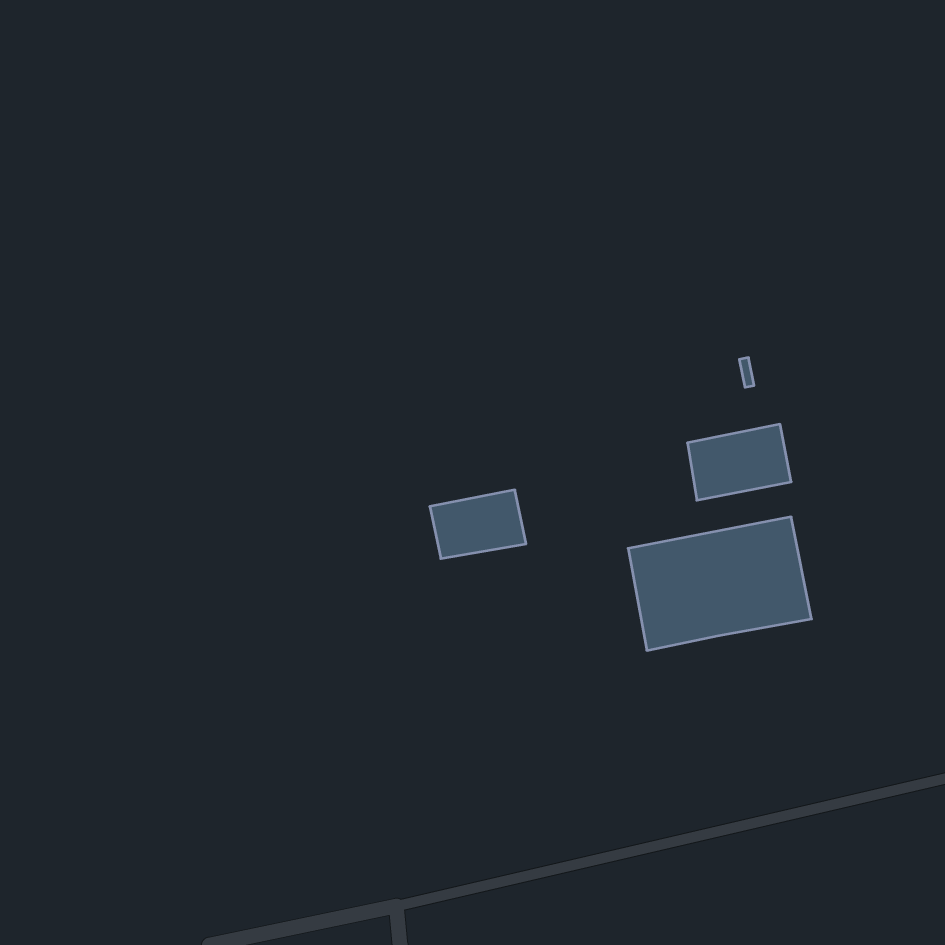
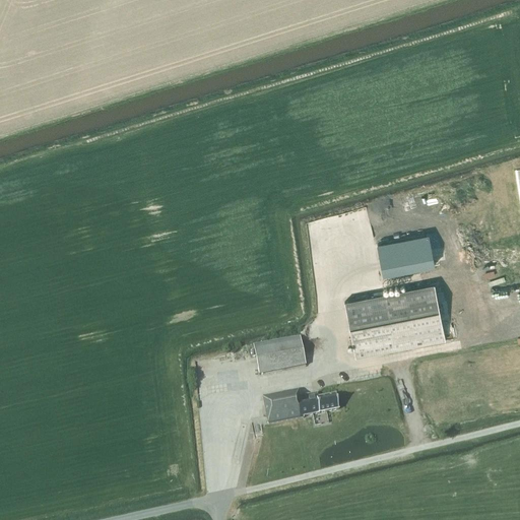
building: [430,490,526,559] -> [253,337,306,375]
building: none -> [262,389,338,425]

